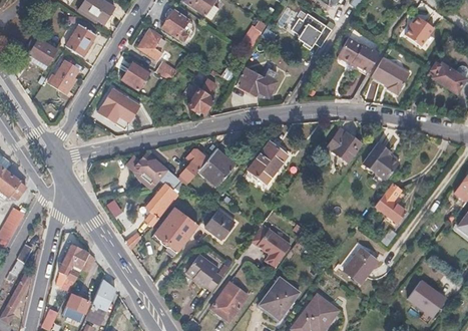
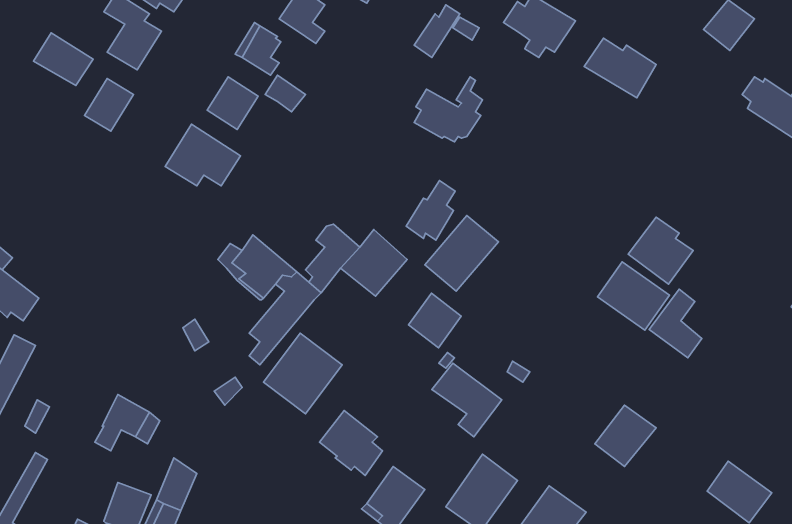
building: [372,59,409,95] -> none
building: [188,79,216,113] -> [406,181,455,240]
building: [321,124,362,163] -> [597,262,669,330]
building: [204,210,235,241] -> [409,293,461,348]

